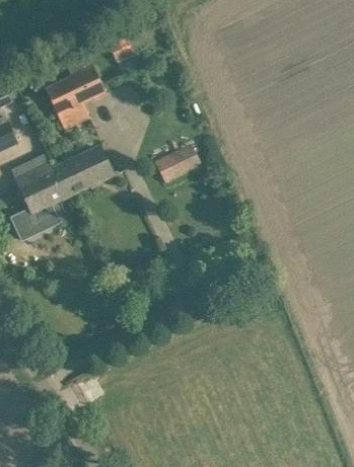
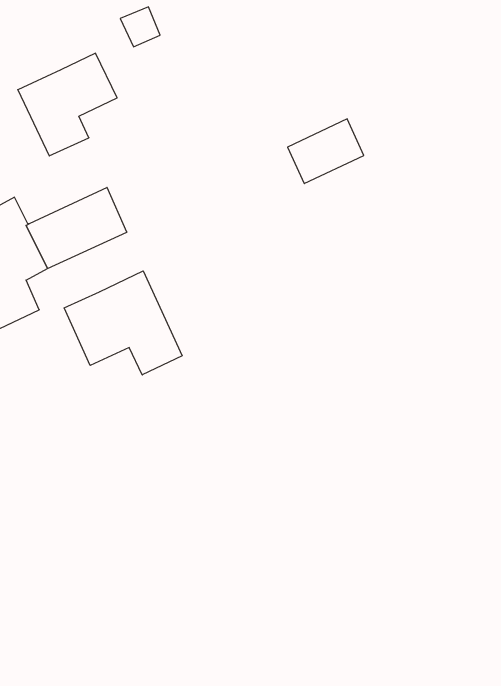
building: [154,143,201,182] -> [288,119,364,184]
building: none -> [64,271,182,375]

